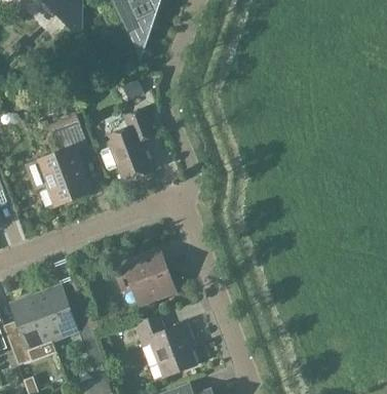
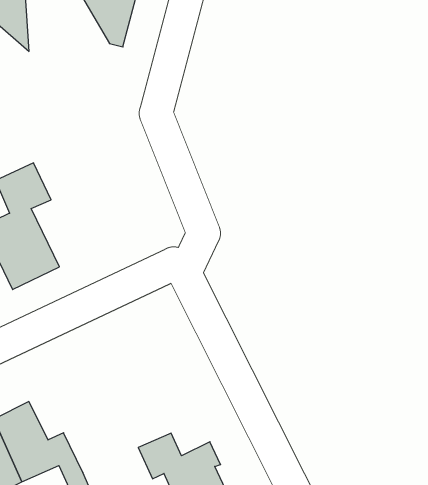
building: [101,108,154,180] -> none
building: [113,254,173,304] -> none

